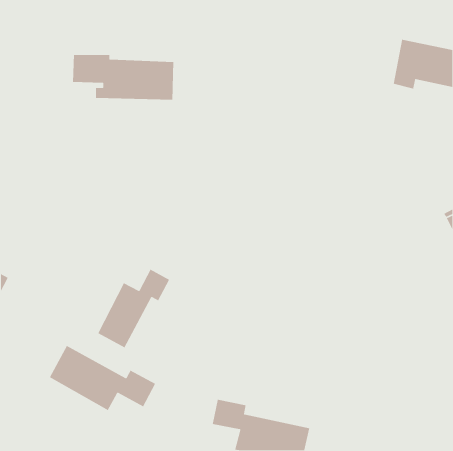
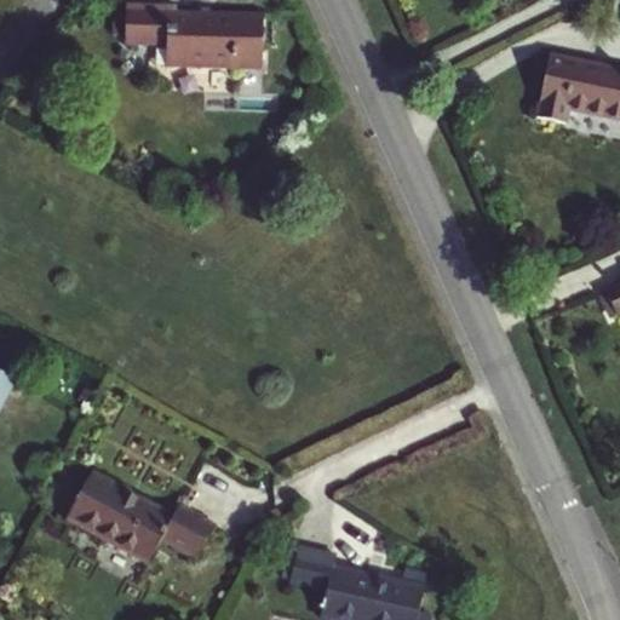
building: [72,54,174,100] -> [125,5,264,68]
building: [97,268,170,348] -> none

